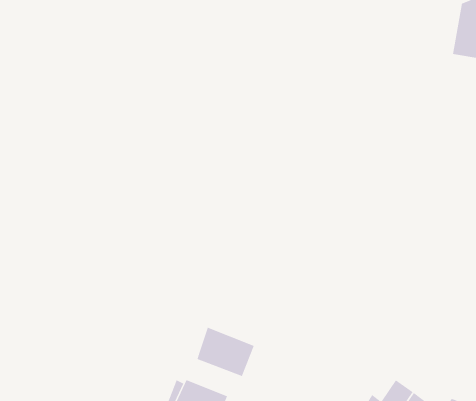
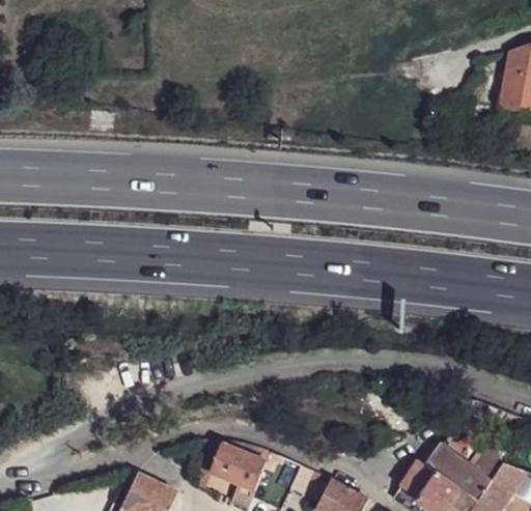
building: [197,327,254,377] -> none

